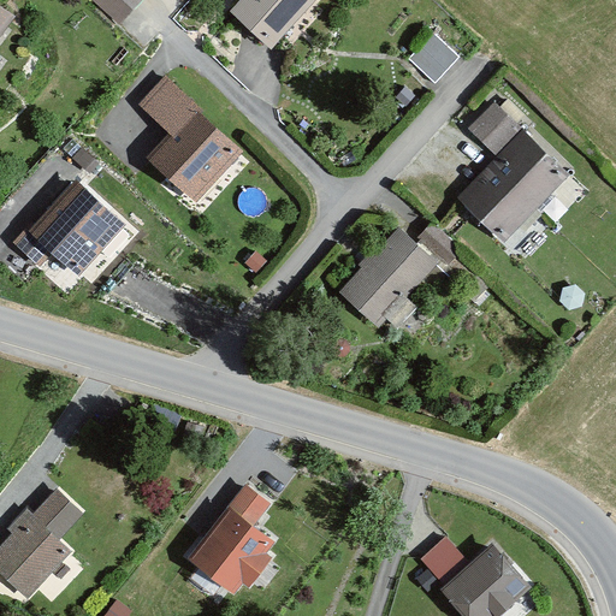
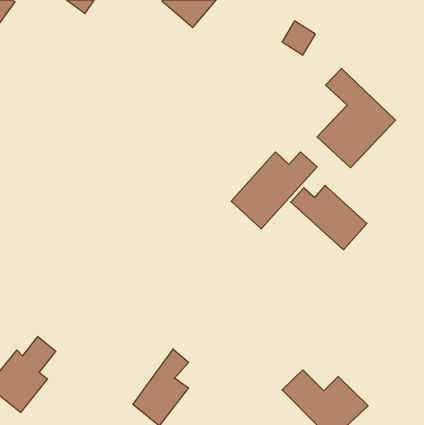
building: [140,67,239,189] -> none
building: [5,179,123,277] -> none
building: none -> [291,185,367,250]

